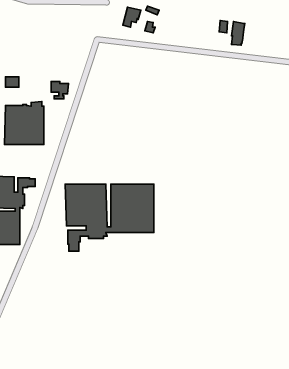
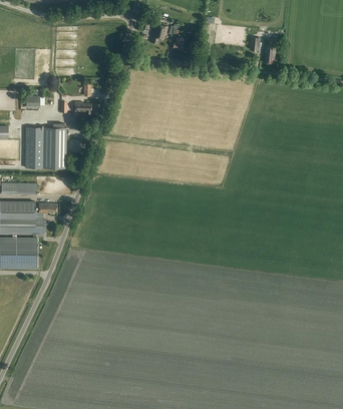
building: [65,184,154,251] -> none

